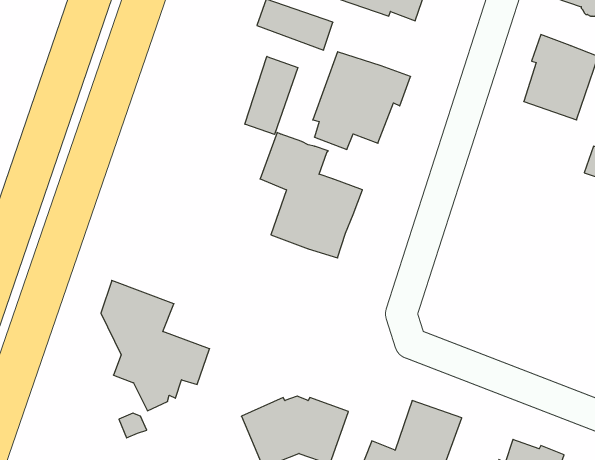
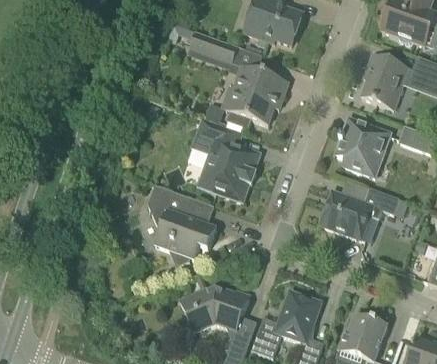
building: [245,56,298,134] -> none
building: none -> [337,118,393,177]
building: none -> [320,187,400,237]
building: [101,280,210,411] -> [147,183,217,267]

